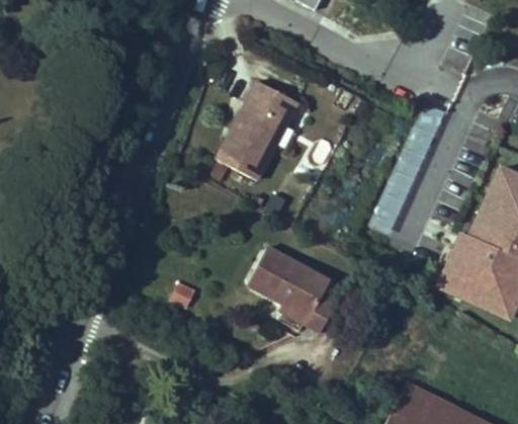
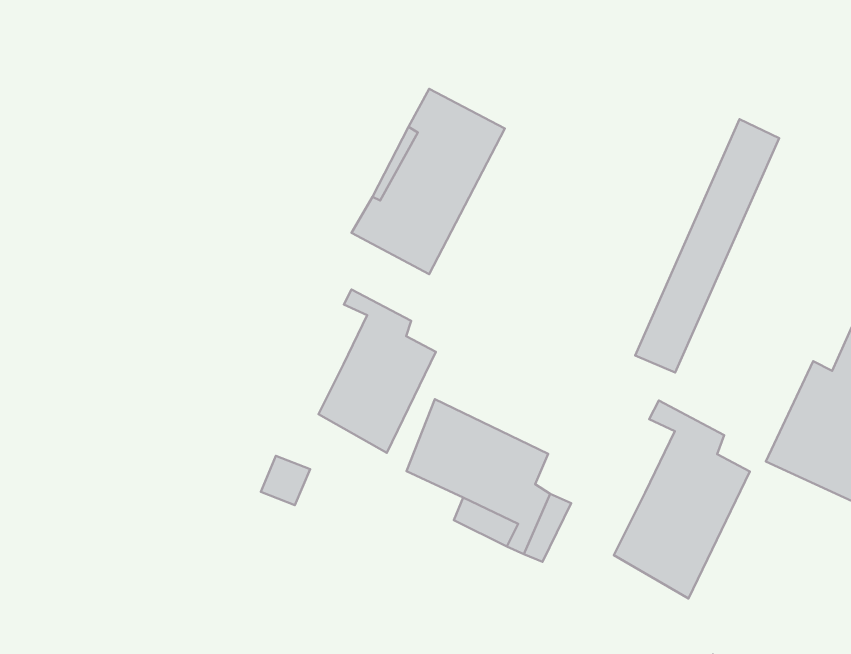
building: none -> [318,290,436,453]
building: none -> [614,401,750,599]

